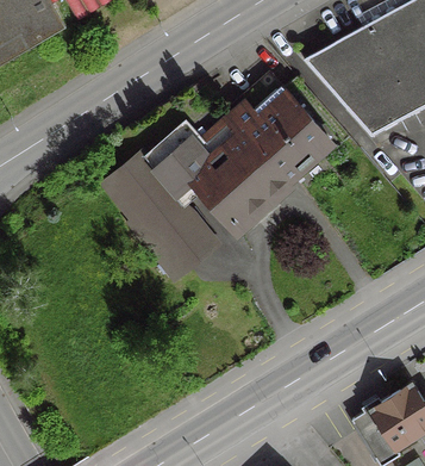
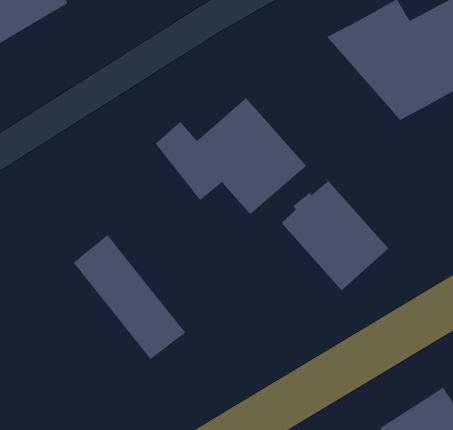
building: [227,73,327,178] -> [281,178,389,291]
building: [108,155,213,271] -> [73,235,186,360]

